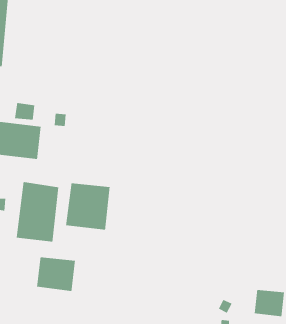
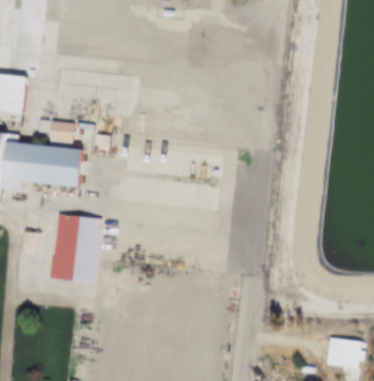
building: [66,183,110,230] -> none
building: [37,256,75,292] -> none

